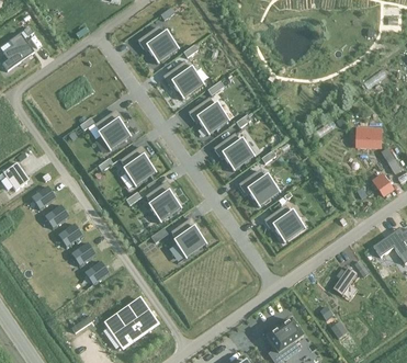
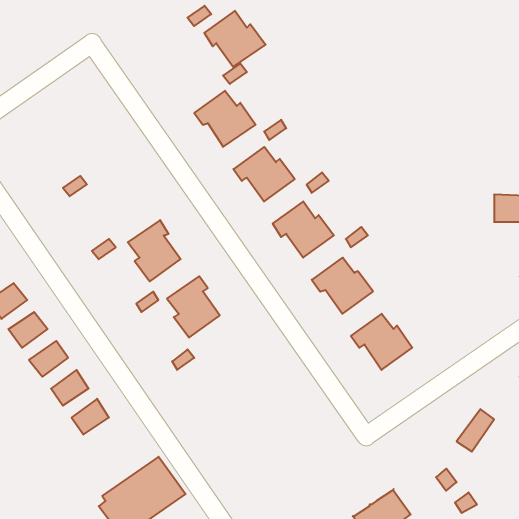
building: [138,26,178,63] -> [204,11,266,67]
building: [95,111,129,150] -> none
building: [171,218,205,258] -> none

